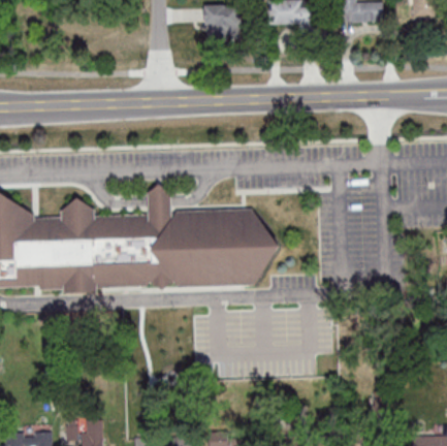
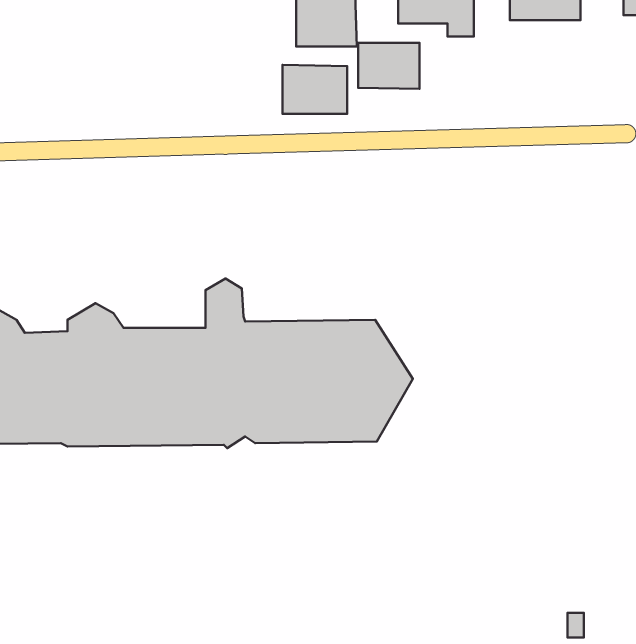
building: none -> [358,43,419,89]
building: none -> [283,65,347,114]

